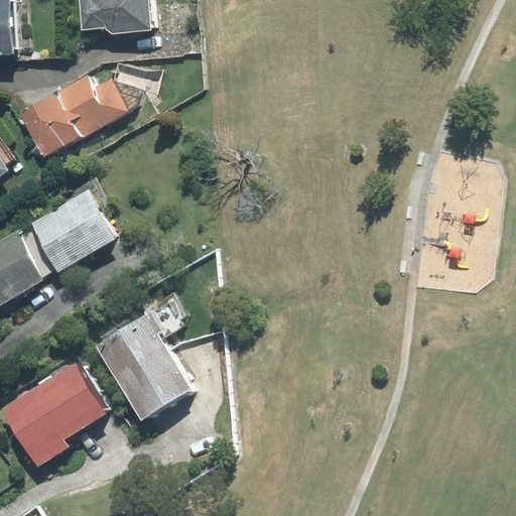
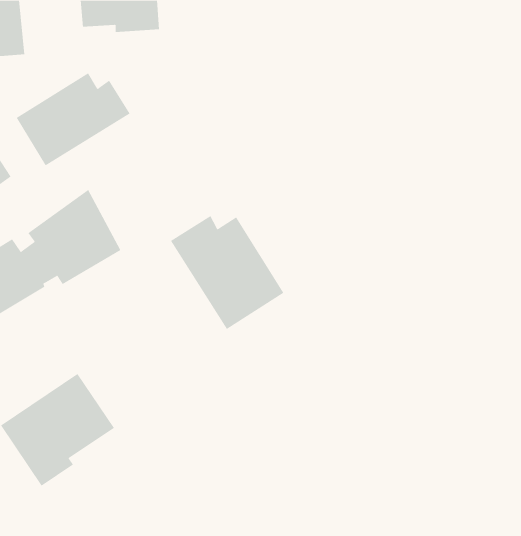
building: none -> [170,215,284,330]
building: [94,301,194,421] -> none

